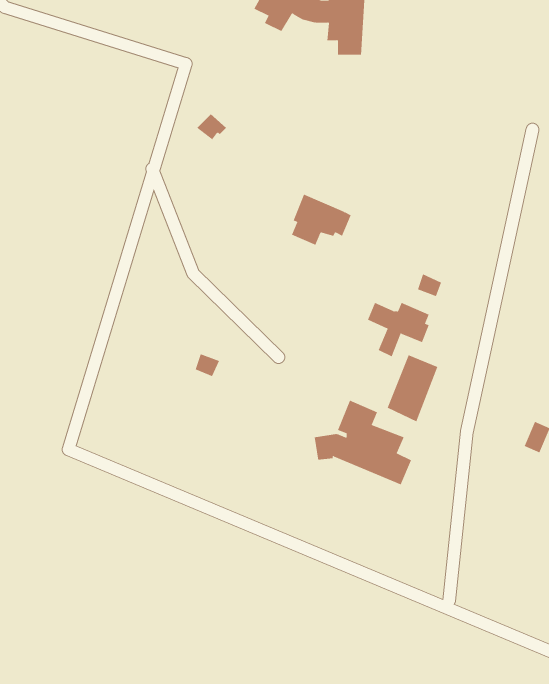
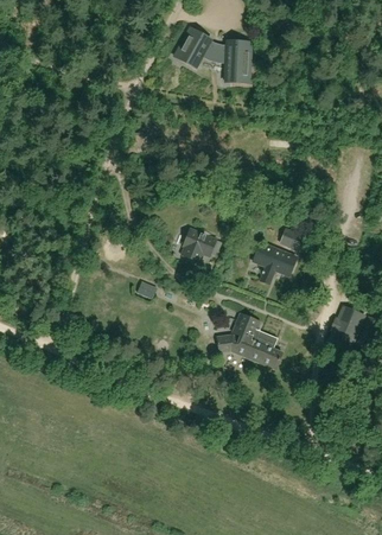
building: [291,194,352,245] -> [182,228,222,262]
building: [387,355,438,422] -> [329,306,363,351]

